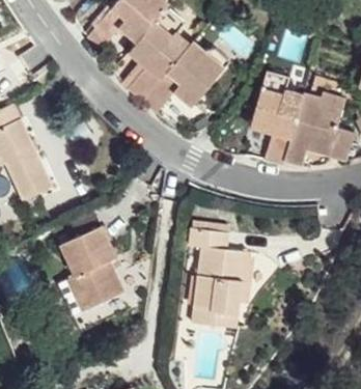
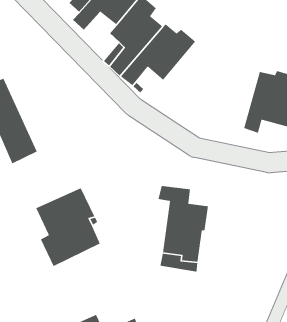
building: [252,72,305,165] -> none

